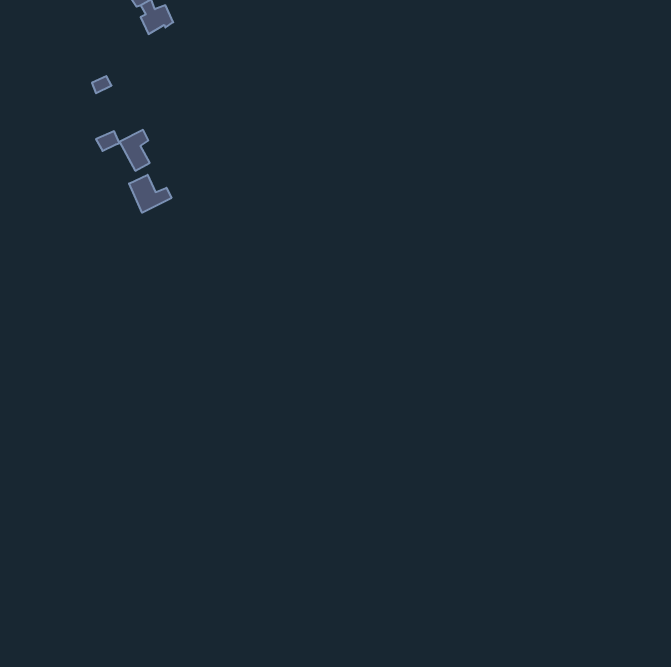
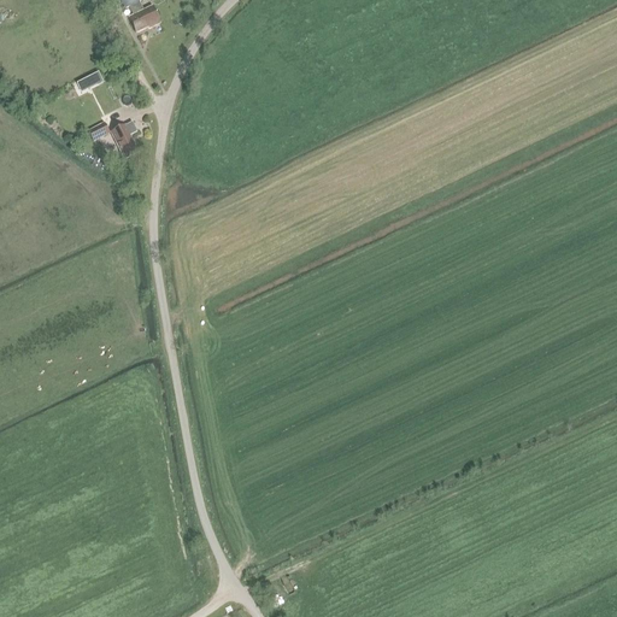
building: [129,175,171,213] -> none

